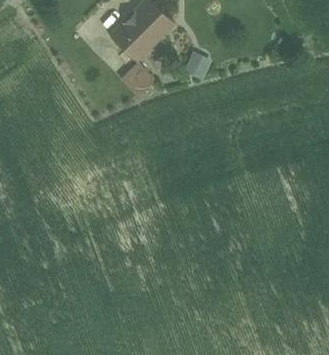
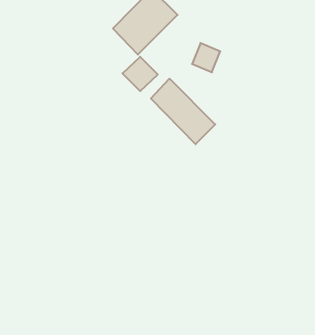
building: none -> [151,79,215,144]

